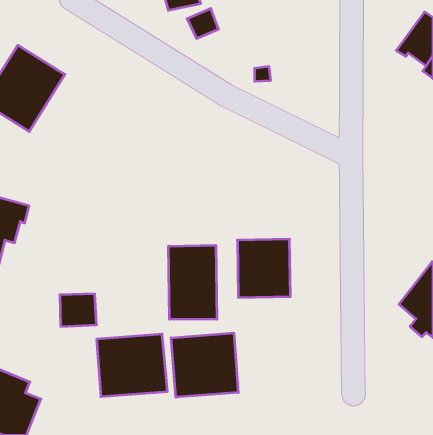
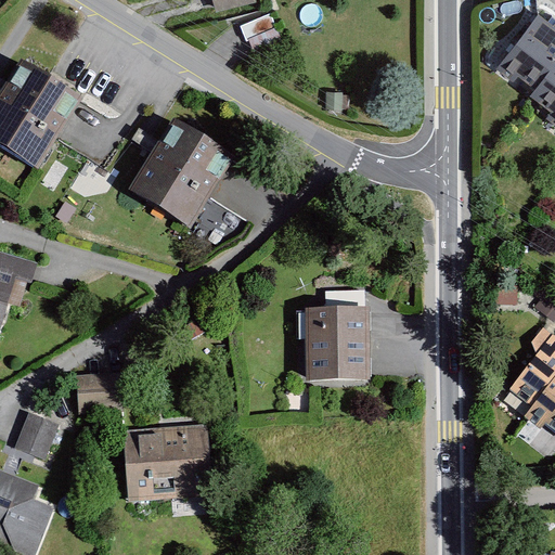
building: none -> [129,115,235,224]
building: [169,245,217,319] -> none
building: none -> [14,412,59,460]
building: [171,333,238,397] -> none

